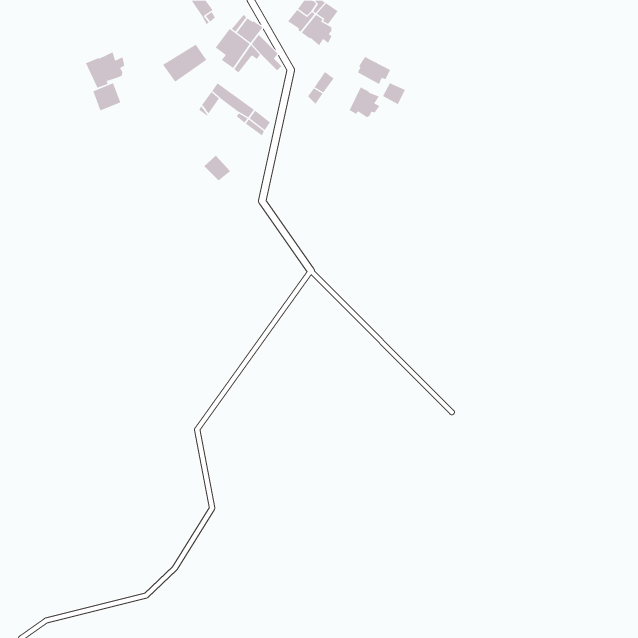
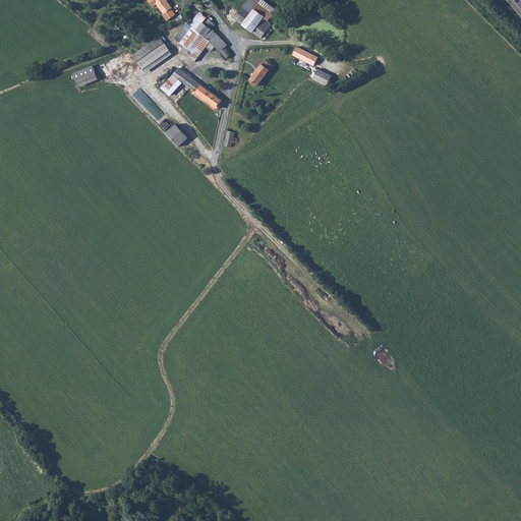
building: [85,51,125,89] -> none
building: [349,86,380,118] -> none

